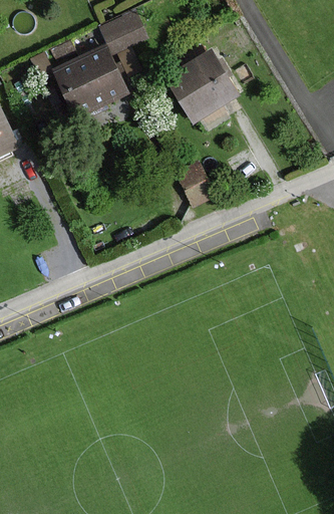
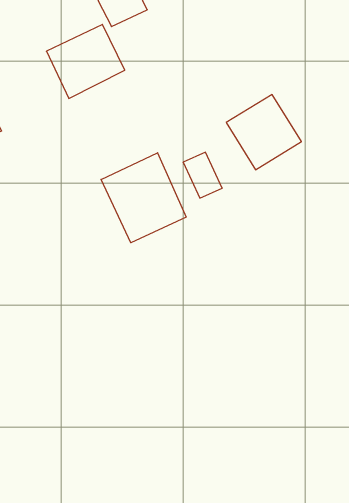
building: [170,52,237,119] -> [226,95,301,170]
building: none -> [101,153,186,243]

